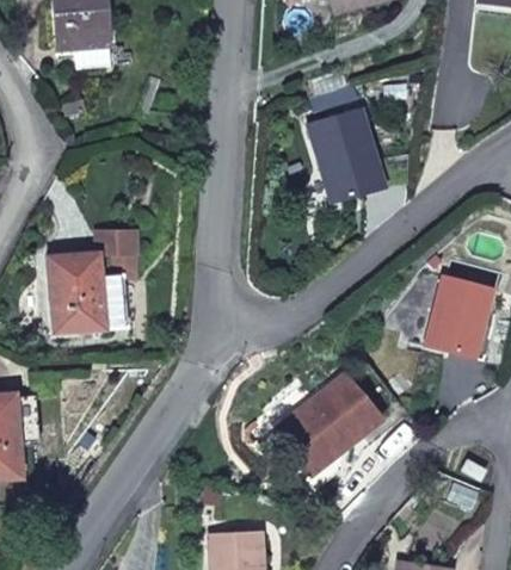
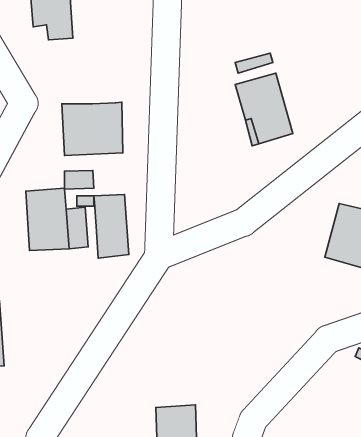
building: none -> [62,102,123,155]
building: none -> [94,194,129,258]
building: [279,373,383,464] -> none

